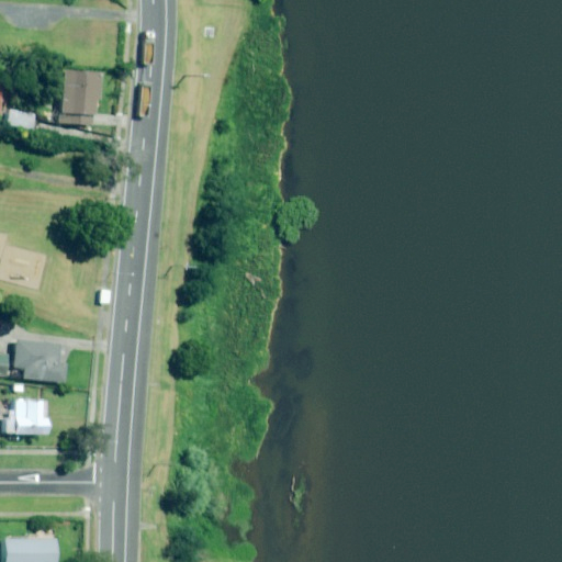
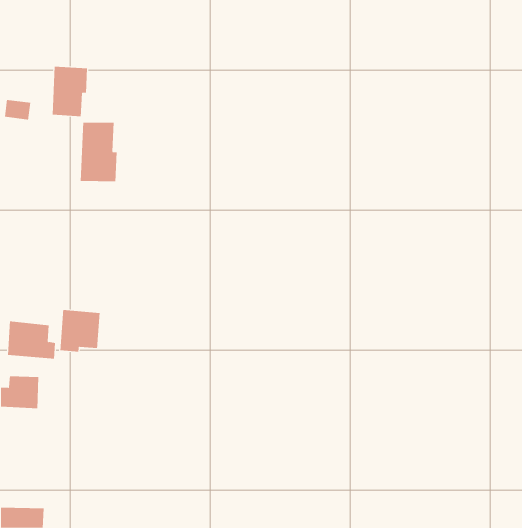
building: none -> [80,122,117,182]
building: none -> [60,309,100,352]

